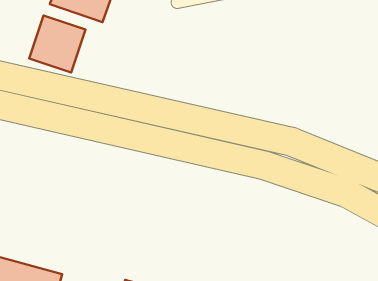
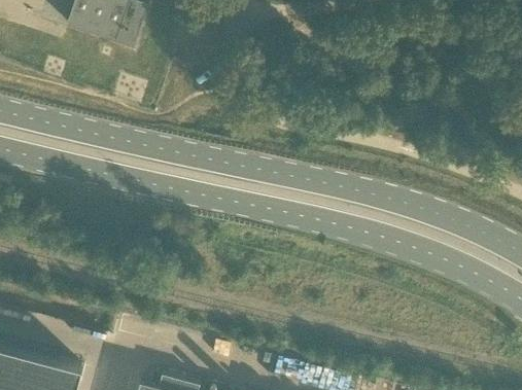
building: [29,16,86,72] -> none

